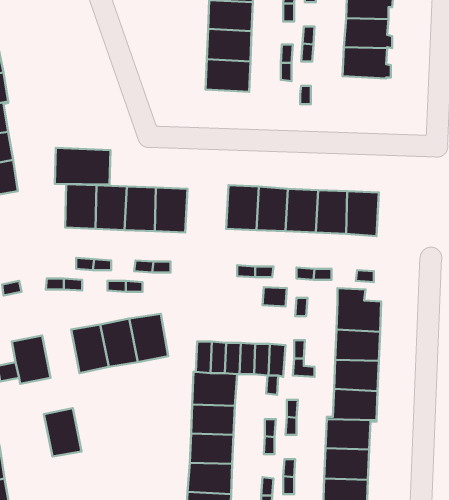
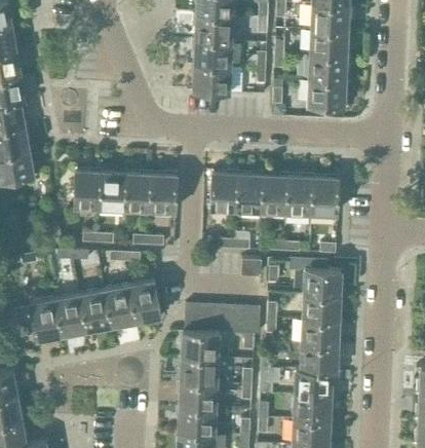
building: none -> [308,80,346,108]
building: [55,148,110,185] -> none
building: [44,408,81,456] -> [54,295,86,336]

